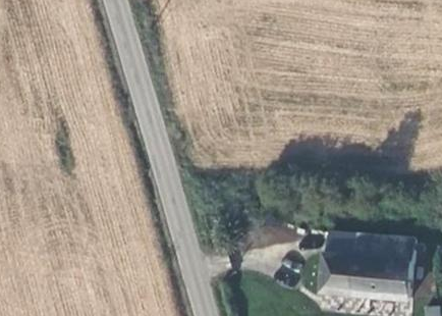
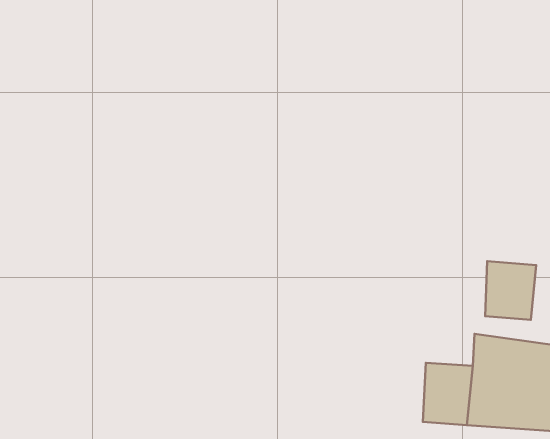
building: none -> [485,261,536,320]

